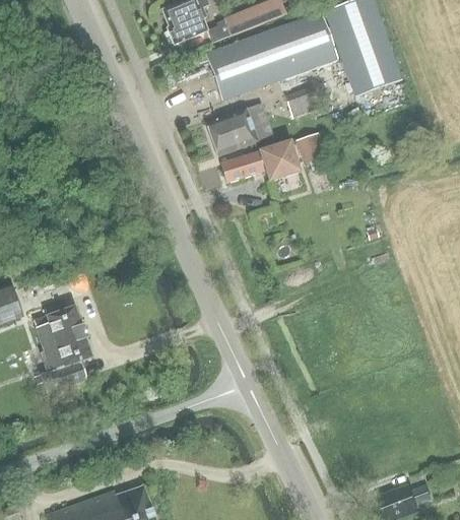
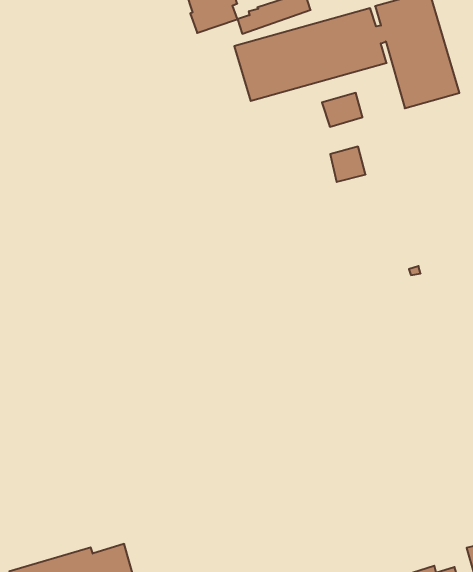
building: [205,104,272,156] -> none
building: [220,142,299,183] -> none
building: [34,307,91,393] -> none

